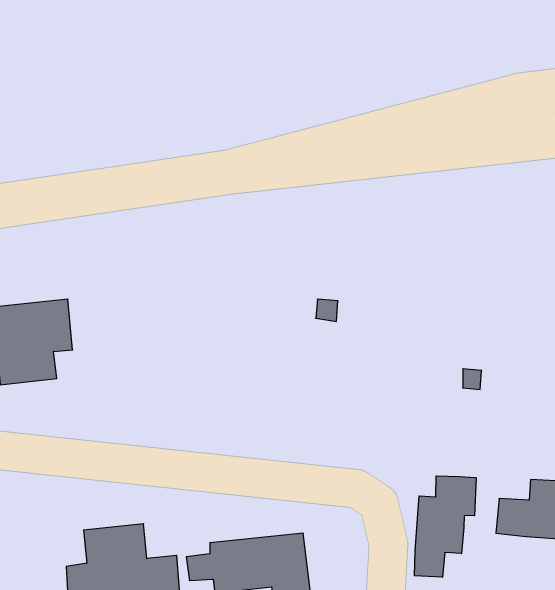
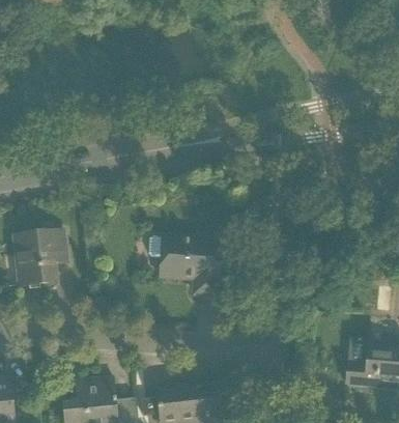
building: none -> [148,237,220,297]
building: [414,476,476,577] -> none

